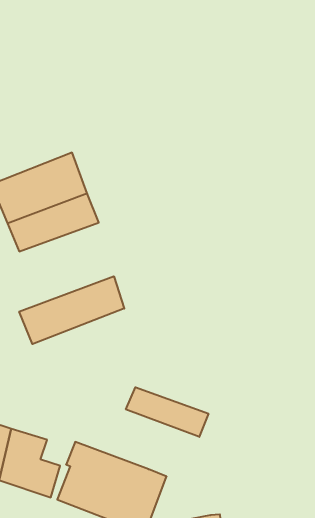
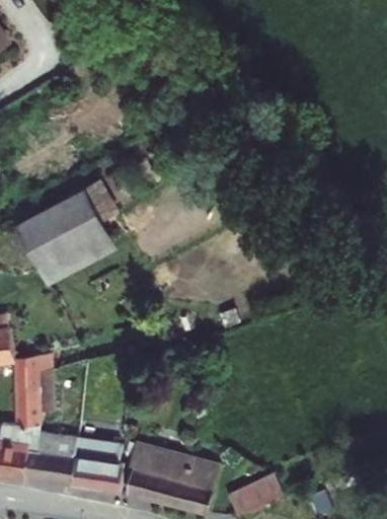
building: [19,276,124,344] -> none
building: [126,387,208,437] -> none

